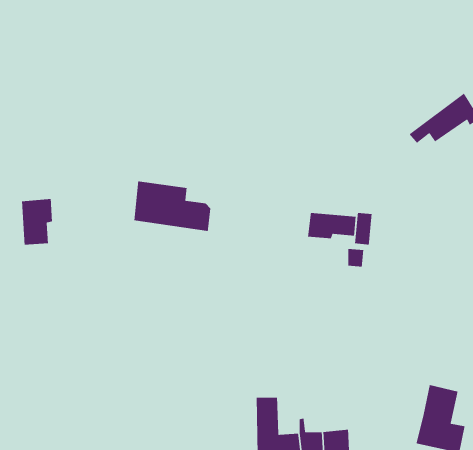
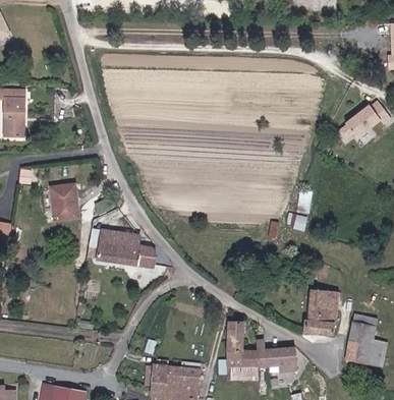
building: [133,181,211,232] -> [98,229,155,267]
building: [307,212,356,239] -> none
building: none -> [302,287,337,334]

